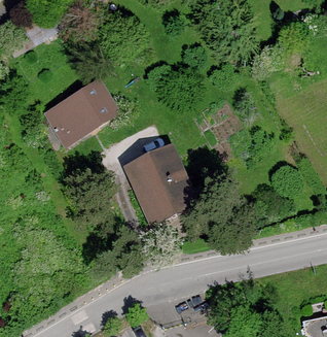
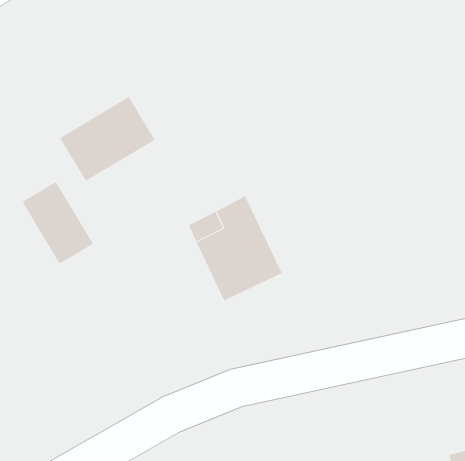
building: none -> [22,181,94,264]

